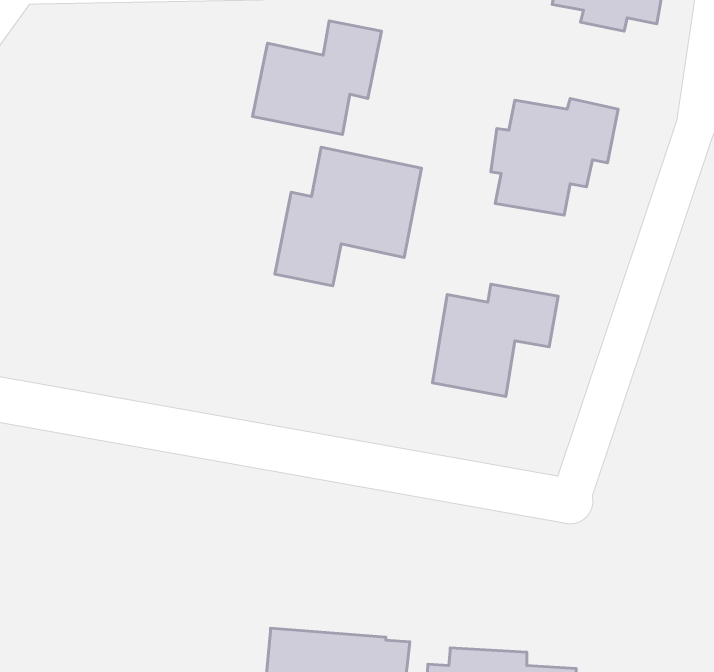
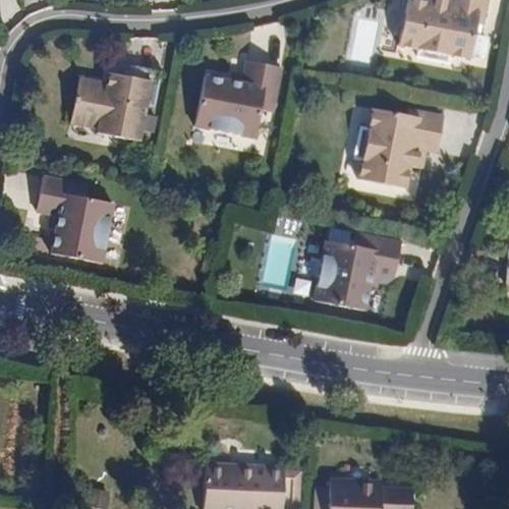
building: none -> [69,62,158,137]
building: [275,147,421,286] -> none
building: none -> [35,180,112,267]

